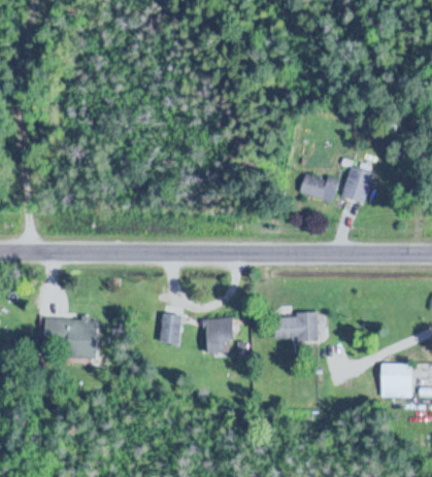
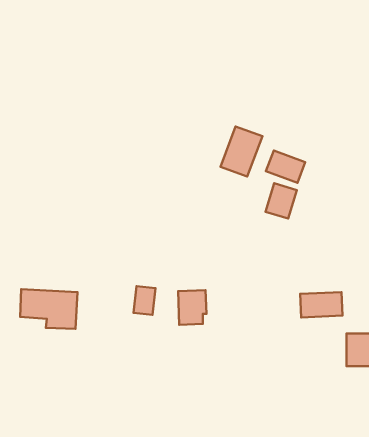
building: none -> [220,126,262,177]
building: [341,167,374,204] -> [265,183,297,219]
building: [274,313,319,340] -> [300,292,343,318]

